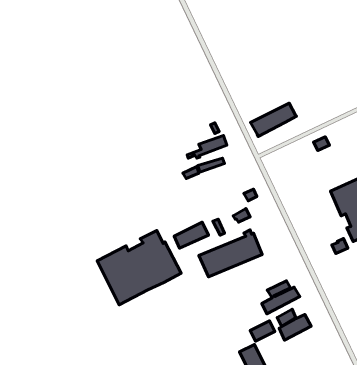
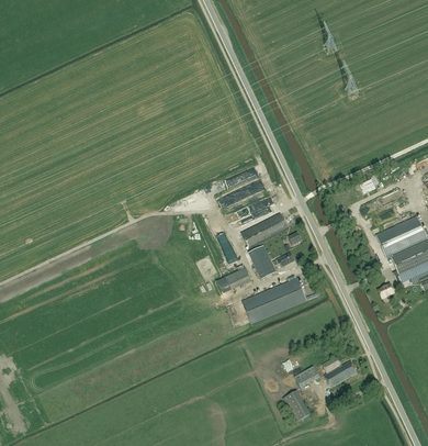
building: [251,103,297,136] -> [241,214,289,248]
building: [97,231,181,305] -> none
building: [262,281,300,314] -> none

